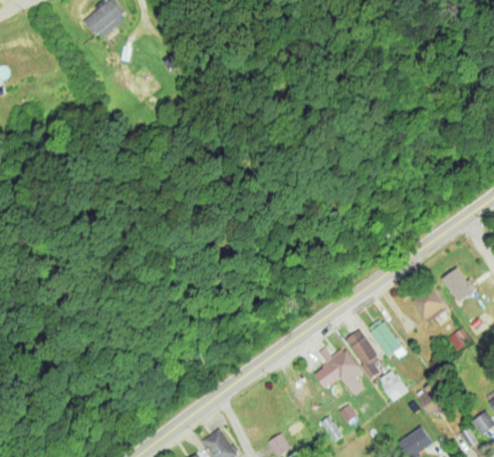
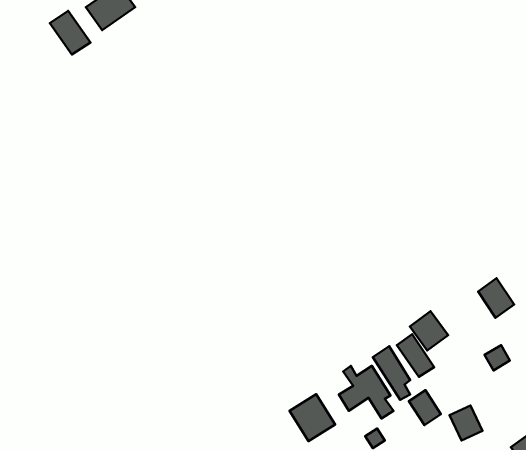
building: none -> [50,11,90,55]
building: [412,287,447,323] -> [410,311,448,351]
building: none -> [289,394,335,441]

